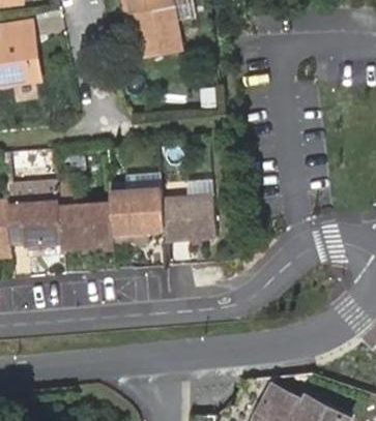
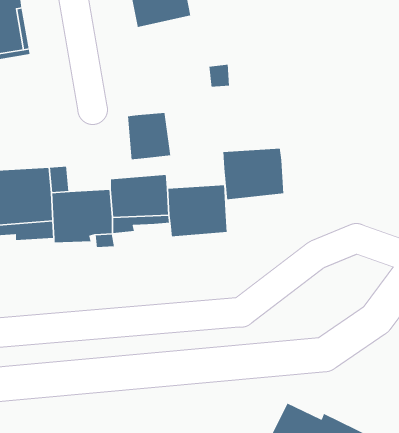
building: none -> [127,112,171,160]
building: none -> [222,148,284,200]

